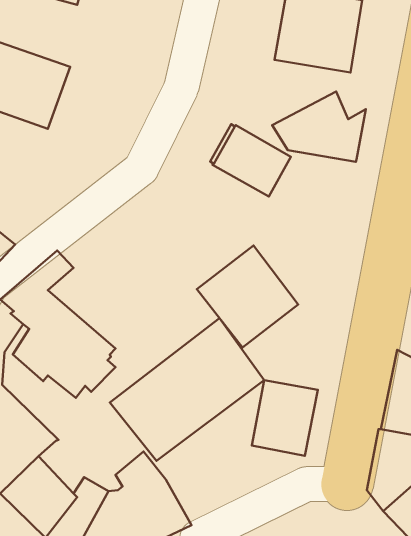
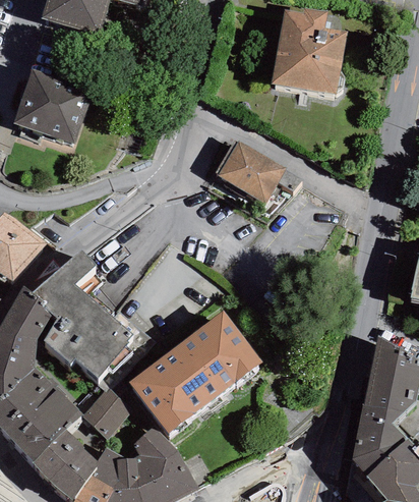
building: [272,92,366,162] -> none
building: [197,246,298,348] -> none
building: [252,380,318,456] -> none
building: none -> [81,389,134,441]

